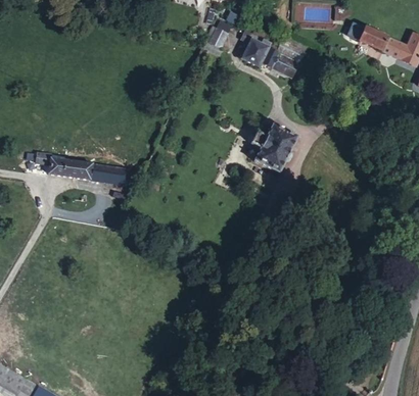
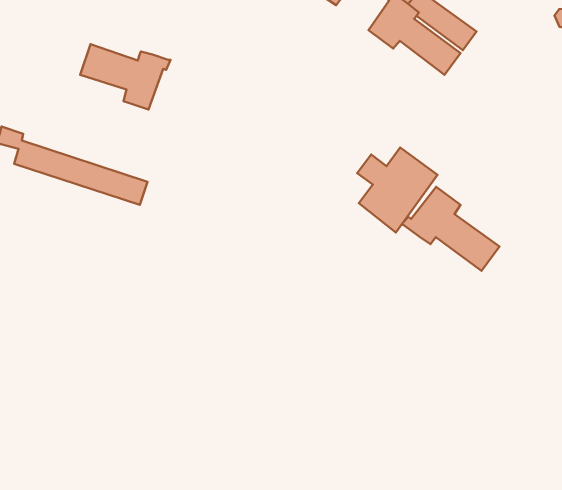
building: none -> [80,44,170,110]
building: none -> [401,187,500,271]

